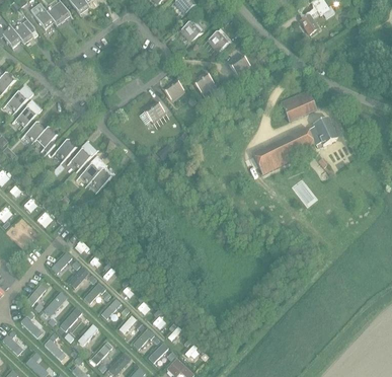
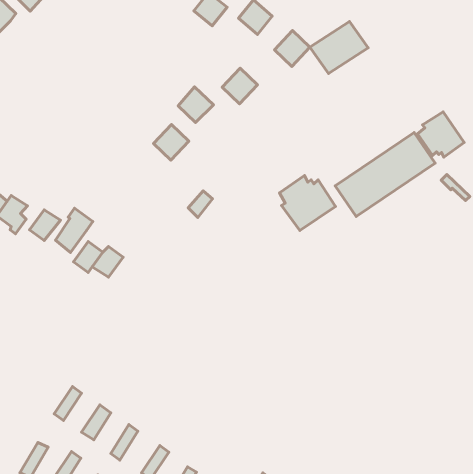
building: [281,90,317,121] -> [310,22,368,73]
building: none -> [279,176,335,230]

